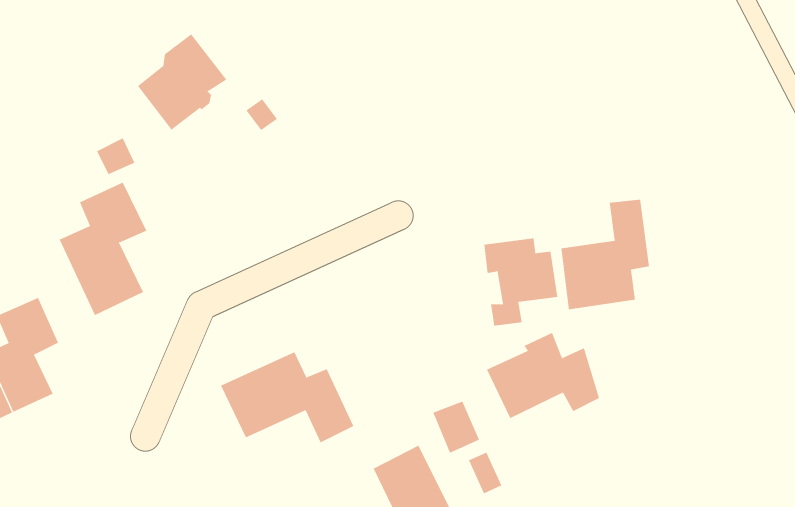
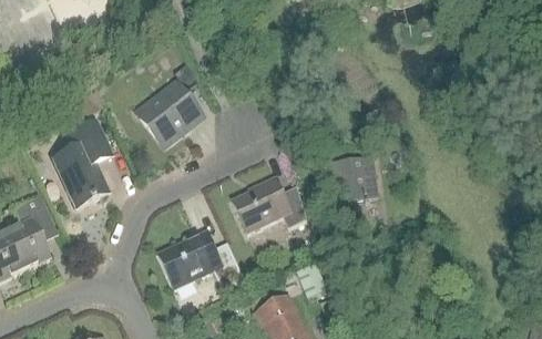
building: [137,34,227,130] -> [141,82,200,145]
building: [561,199,649,310] -> none
building: [486,332,600,419] -> [232,175,306,232]

